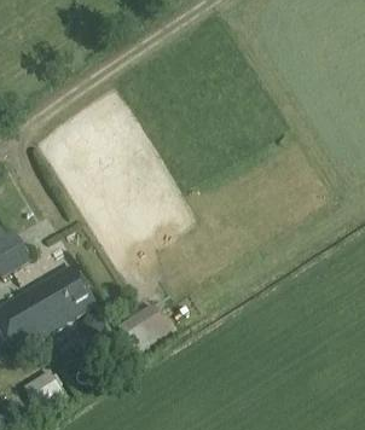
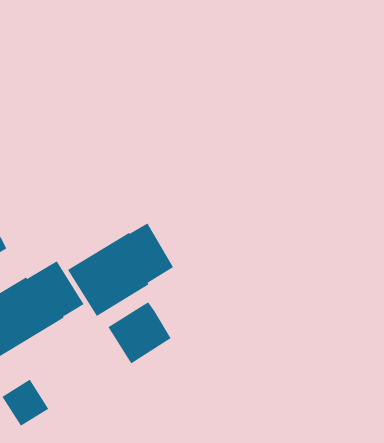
building: none -> [67,222,174,317]

